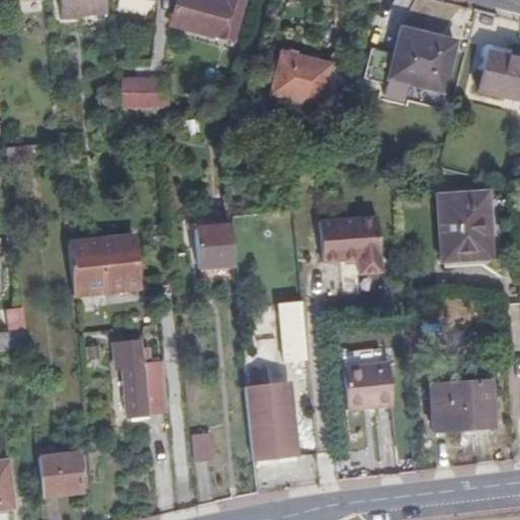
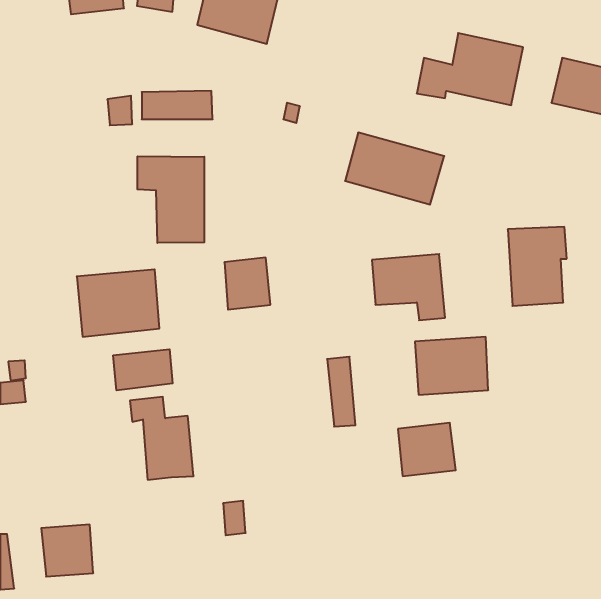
building: [271,50,356,112] -> [345,133,444,205]
building: none -> [137,156,204,243]
building: none -> [113,349,173,390]
building: [429,383,492,433] -> [415,337,488,395]
building: [247,384,299,461] -> none

